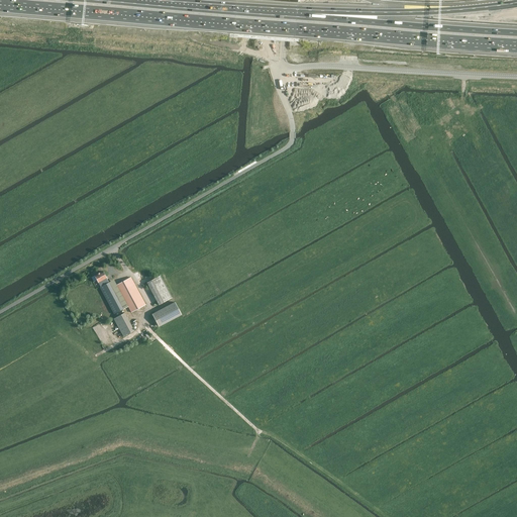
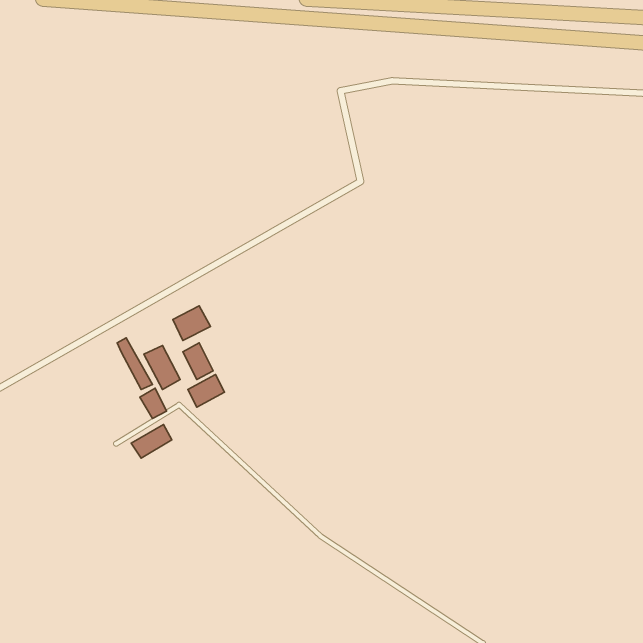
building: none -> [173,306,211,341]
building: none -> [131,424,172,458]

